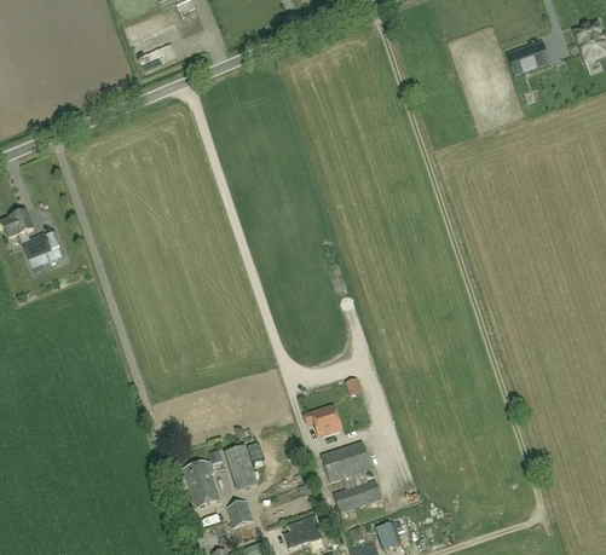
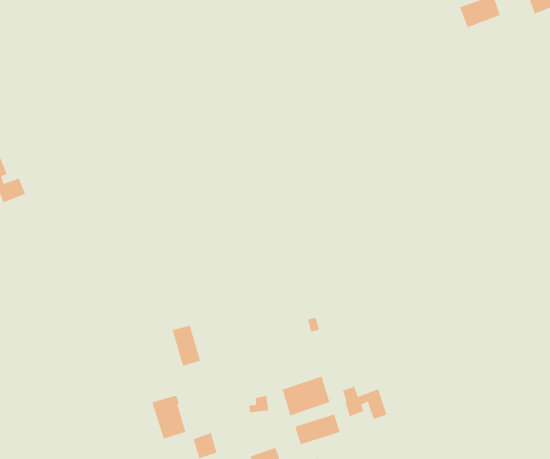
building: [305,405,341,435] -> none
building: [226,446,256,490] -> [172,325,201,367]
building: none -> [342,386,387,420]

